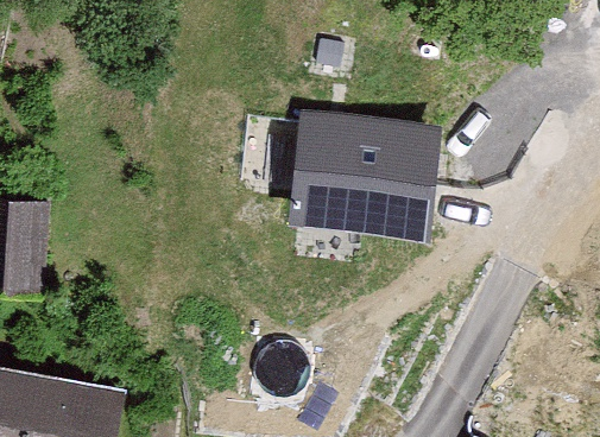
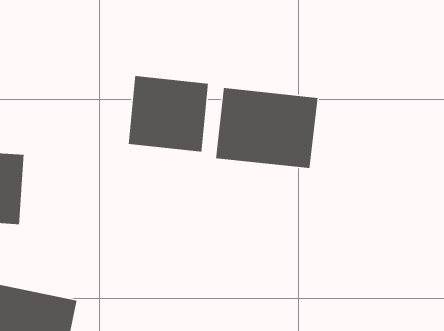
building: none -> [128,75,209,152]

